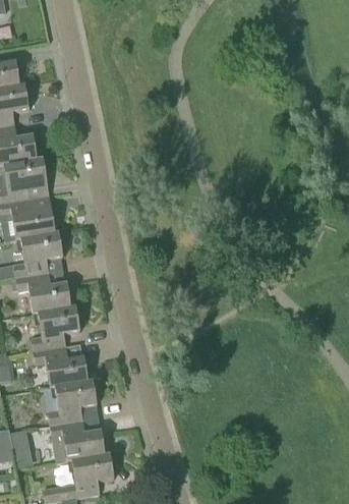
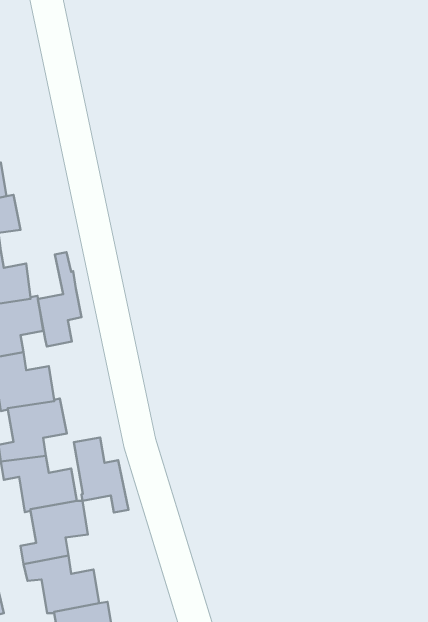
building: none -> [38,252,82,347]
building: none -> [74,438,128,513]

